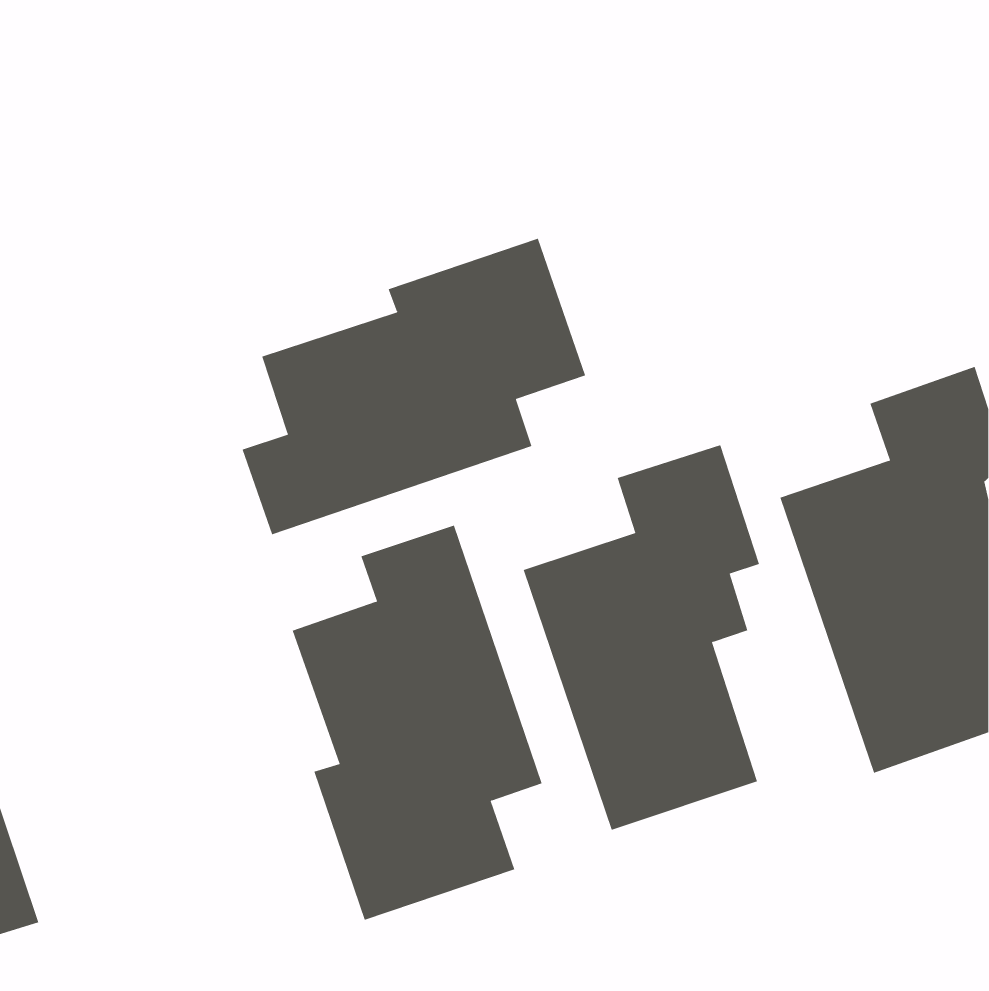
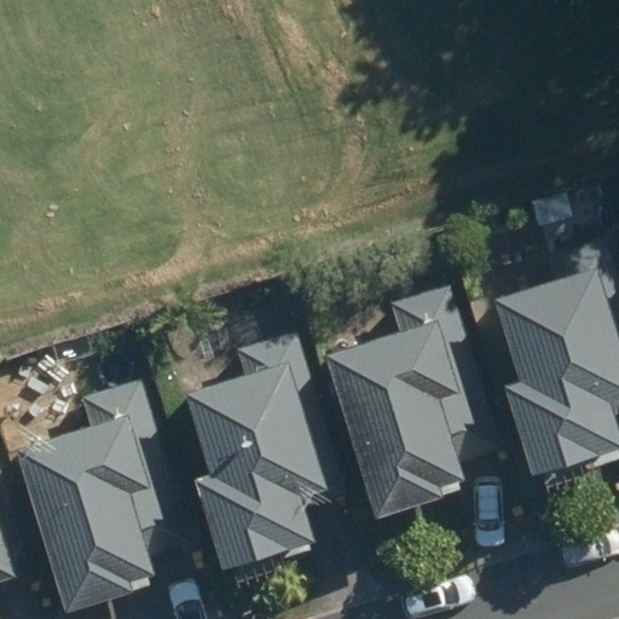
building: [242,238,586,535] -> none
building: none -> [16,384,164,612]

